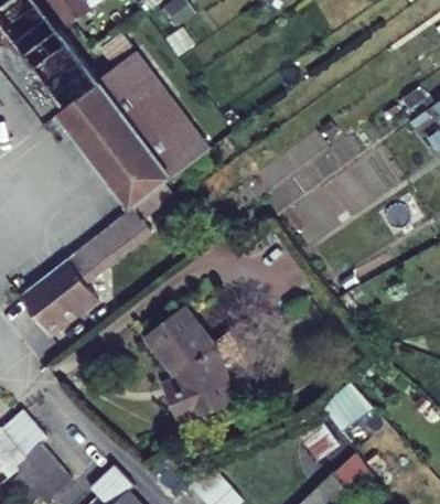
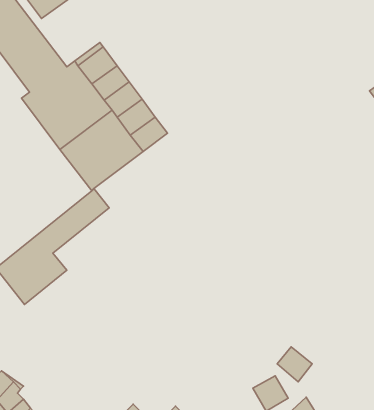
building: [142,305,233,419] -> none

